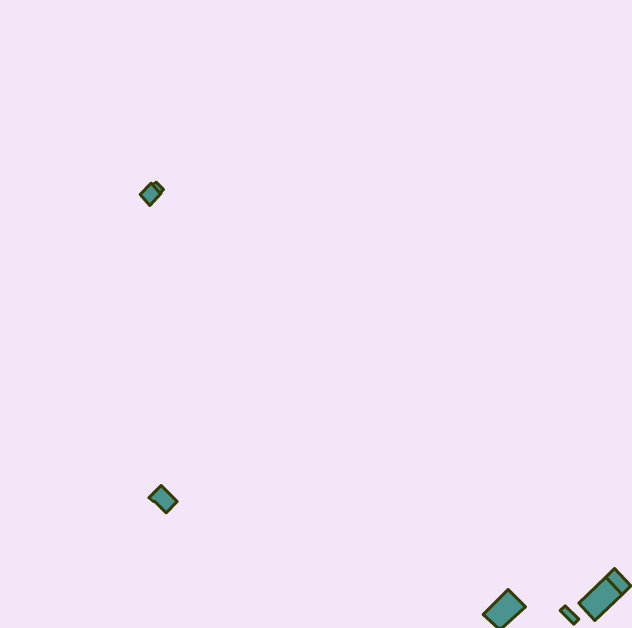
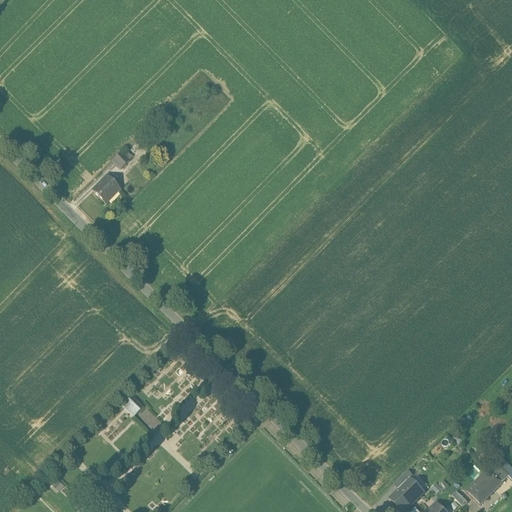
building: none -> [93,174,120,201]

